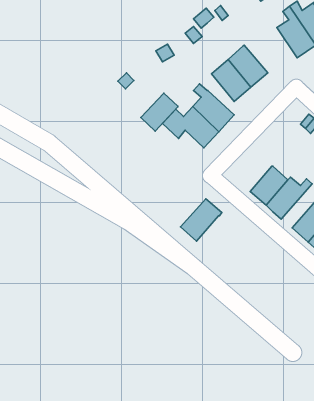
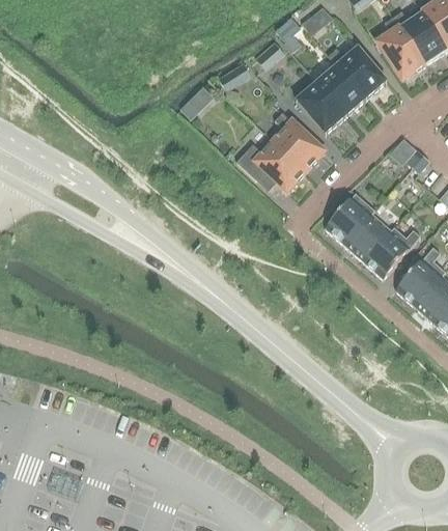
building: none -> [327,46,386,97]
building: [141,93,178,131] -> none
building: [181,199,222,241] -> [324,192,374,244]

